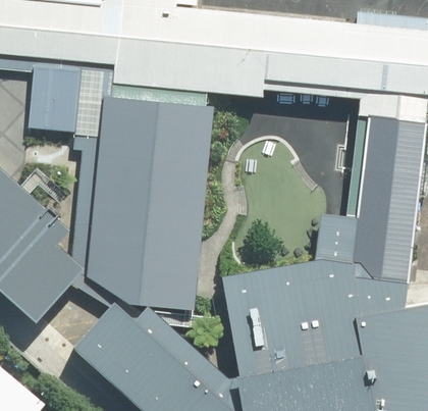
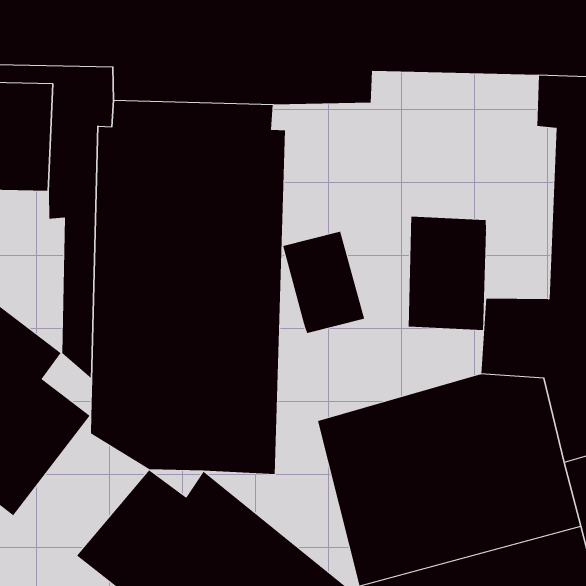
building: none -> [408,216,486,331]
building: none -> [282,231,365,334]

